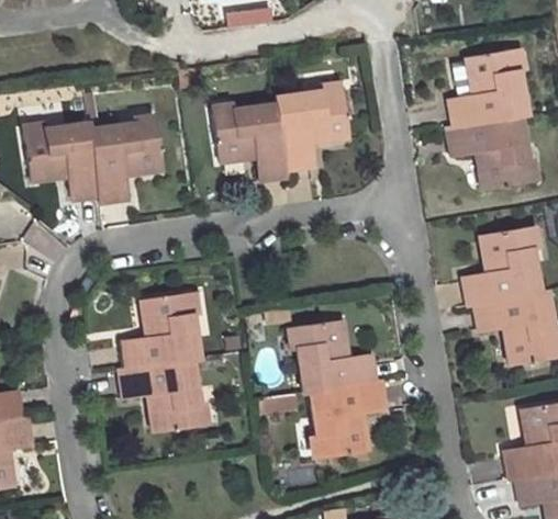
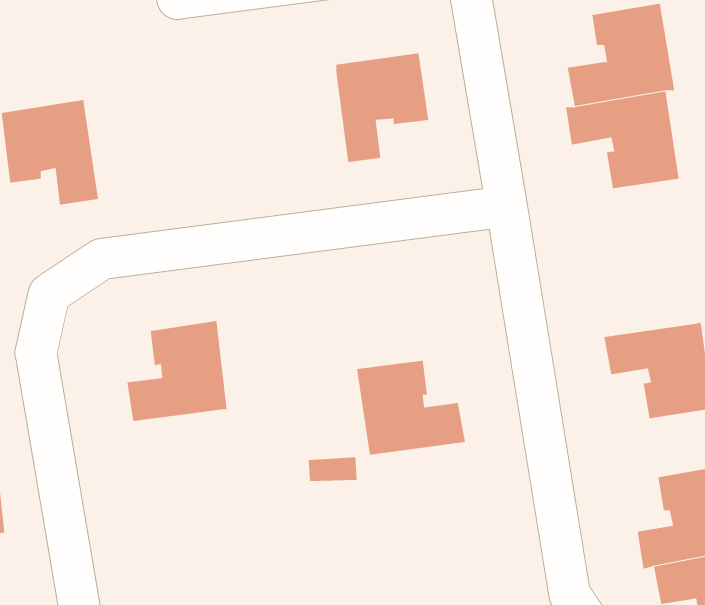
building: [213,103,288,181] -> none
building: [90,123,163,205] -> none
building: [468,223,548,303] -> none
building: [119,357,201,428] -> none
building: [311,379,384,452] -> none

